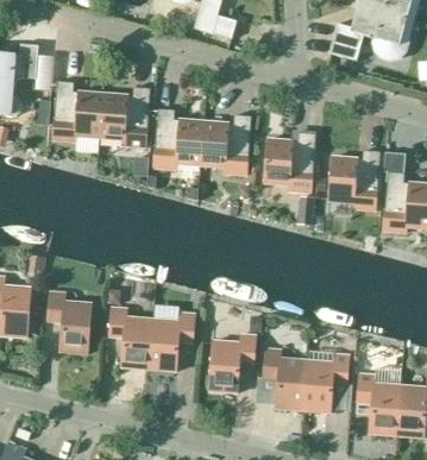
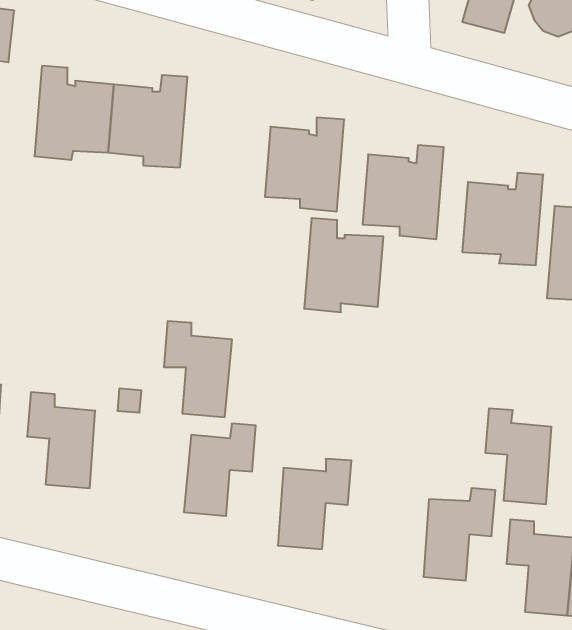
building: [153,108,205,169] -> [304,218,383,312]
building: [109,307,153,368] -> [164,321,232,417]
building: [264,348,307,410] -> [485,408,552,504]

